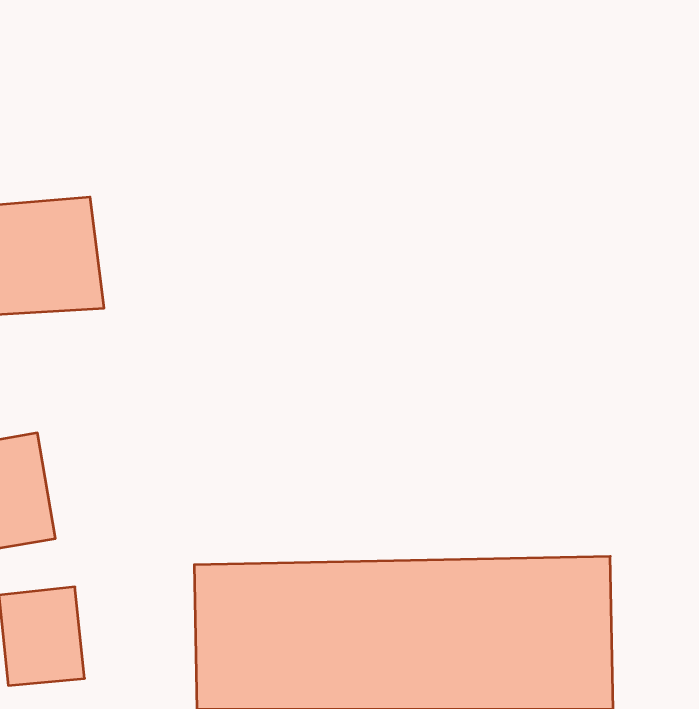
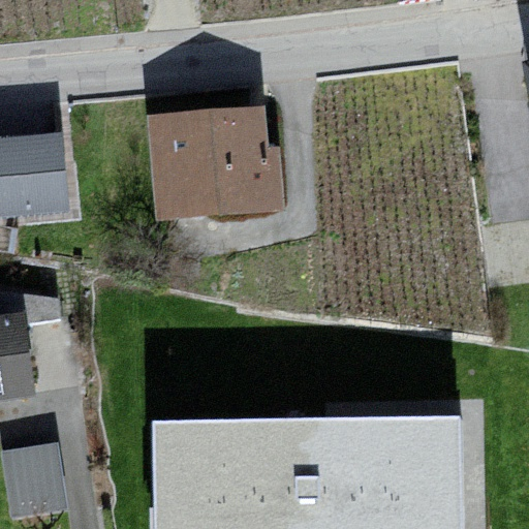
building: none -> [159,125,285,237]

